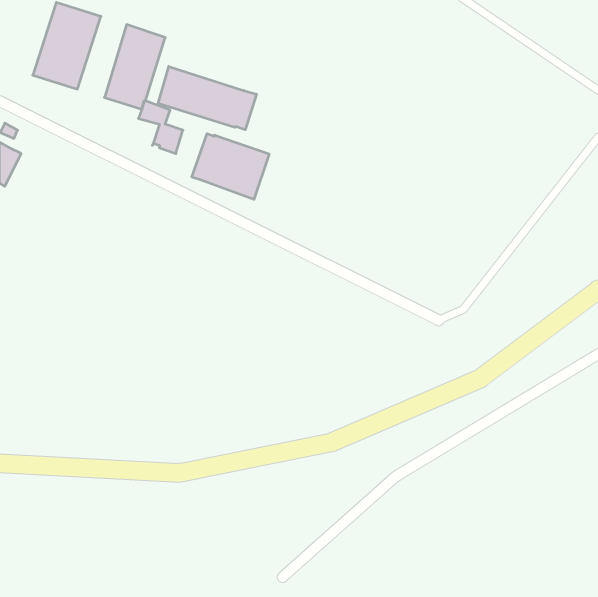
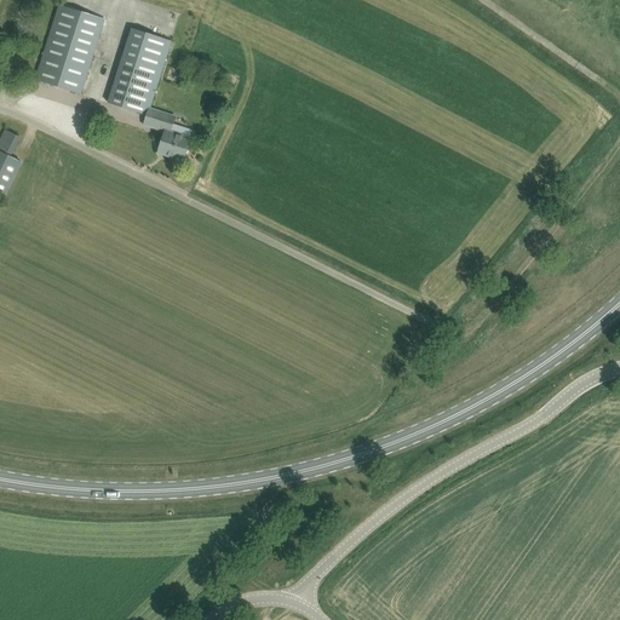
building: [158,66,256,130] -> none
building: [192,134,269,199] -> none

